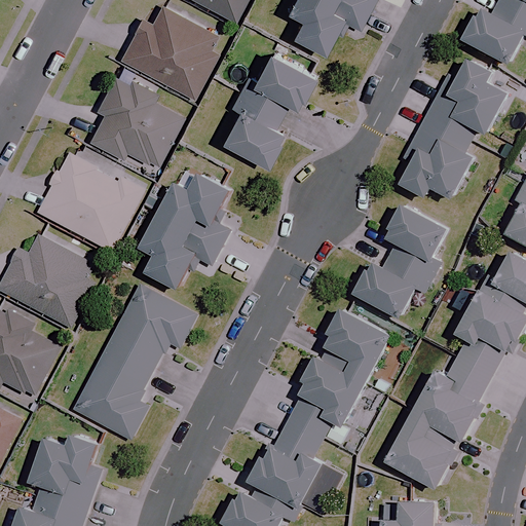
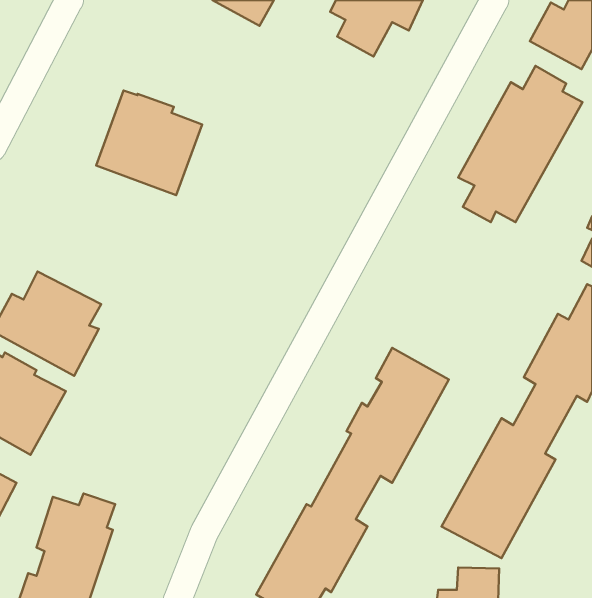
building: [114,9,211,102] -> none
building: [225,50,317,165] -> none
building: [32,154,139,255] -> none
building: [144,173,233,288] -> none
building: [354,204,449,316] -> none
building: [75,287,194,439] -> none

